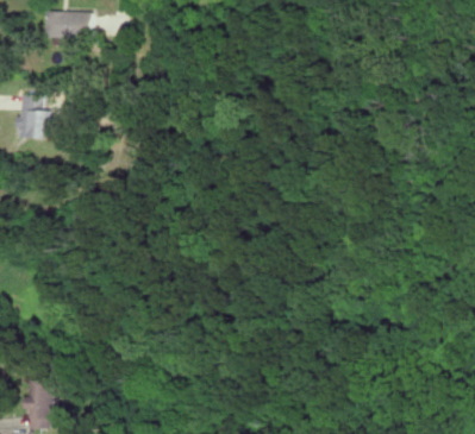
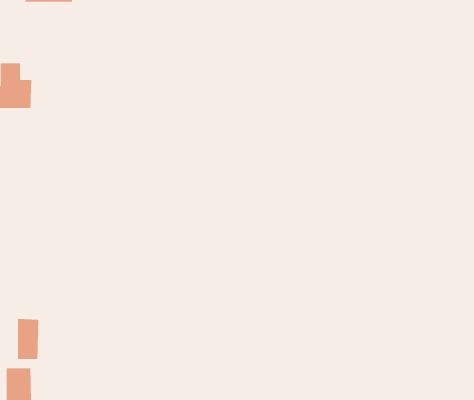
building: none -> [17,318,39,360]

